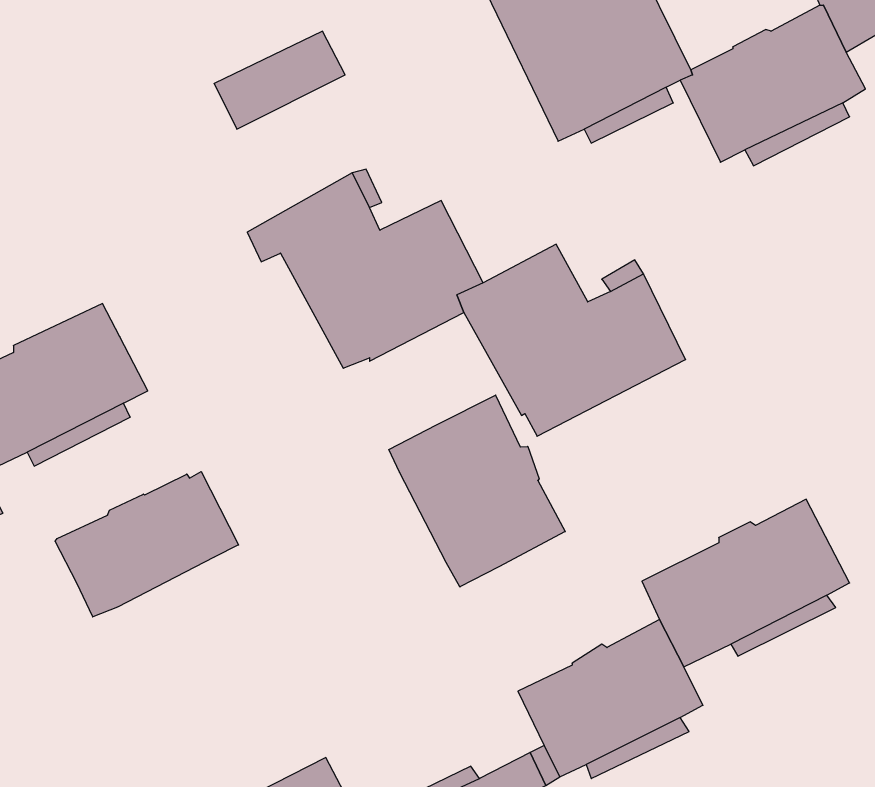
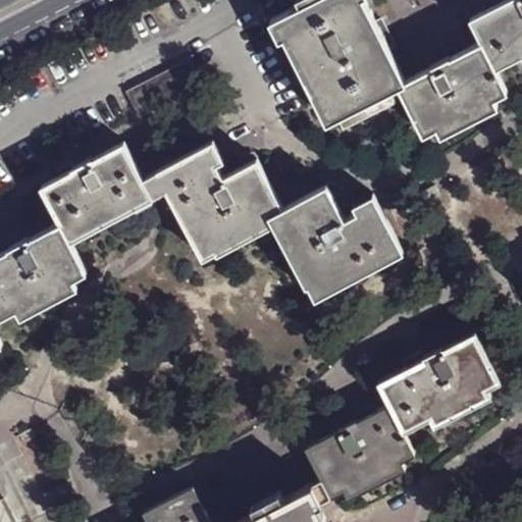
building: none -> [41,145,153,244]
building: [389,395,565,587] -> none
building: [55,472,239,617] -> none

